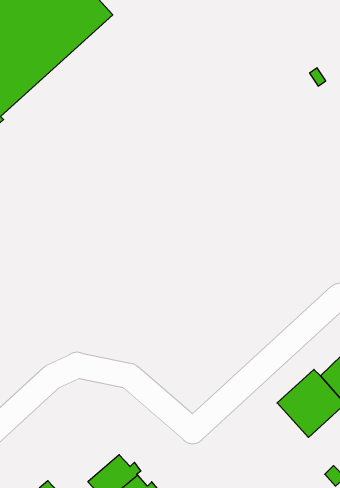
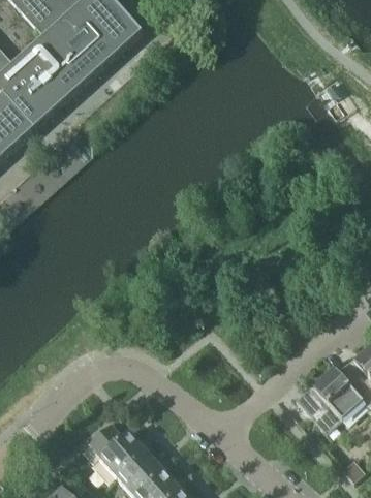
building: none -> [88,421,150,474]

